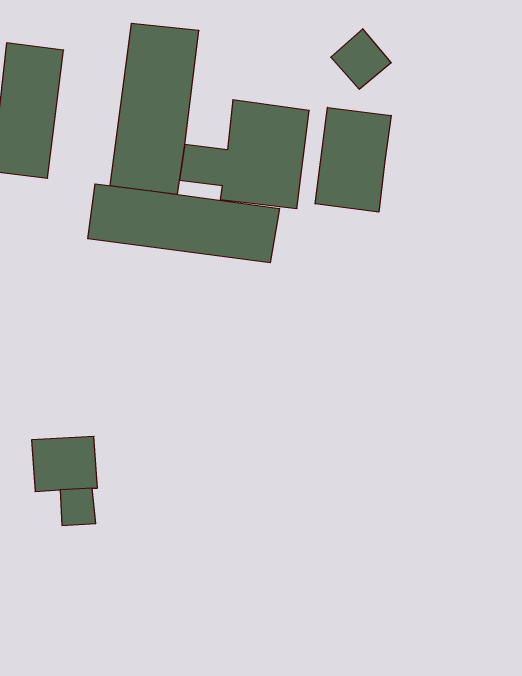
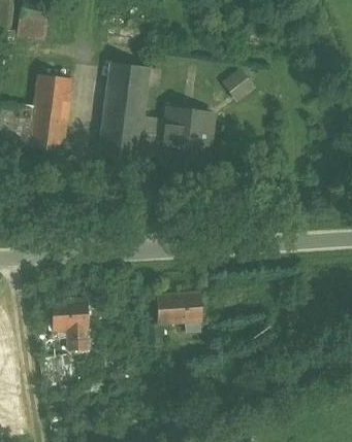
building: [315,107,391,212] -> none
building: [88,184,279,263] -> none
building: none -> [158,296,202,325]

